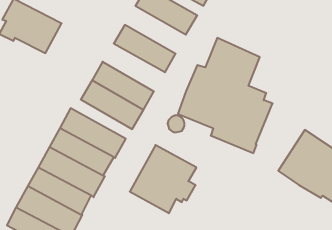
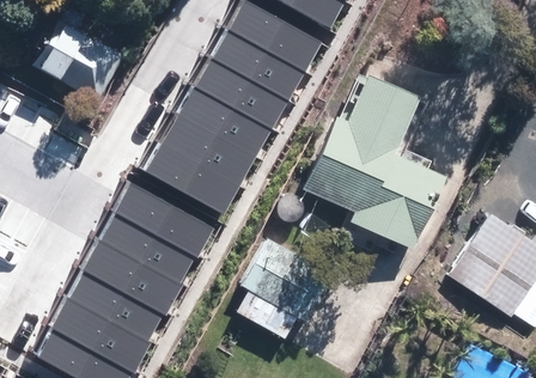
building: none -> [214,28,305,99]
building: none -> [181,84,274,156]

